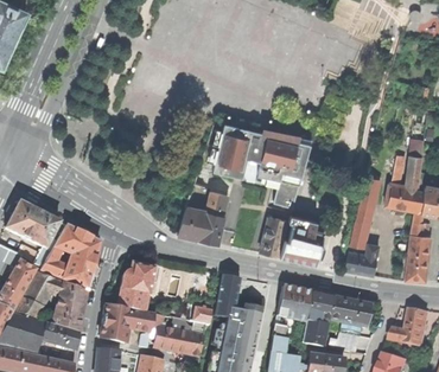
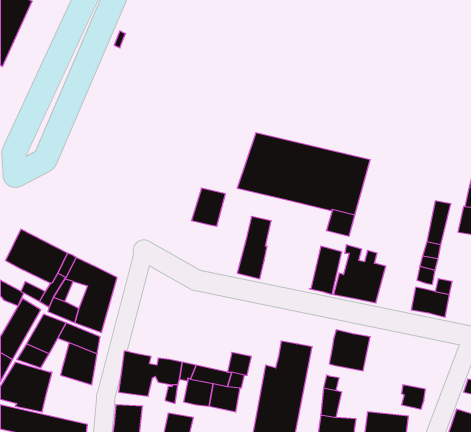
building: [178,206,206,238] -> [191,188,225,226]
building: [115,262,158,310] -> none
building: [214,274,240,318] -> none
building: [301,291,370,346] -> none
building: [39,321,77,348] -> none

